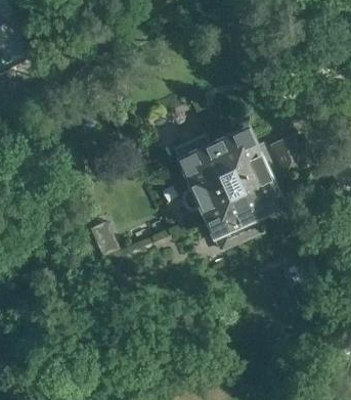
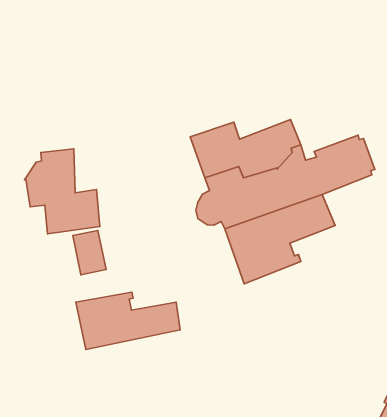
building: none -> [24,149,100,234]
building: none -> [76,292,180,350]

